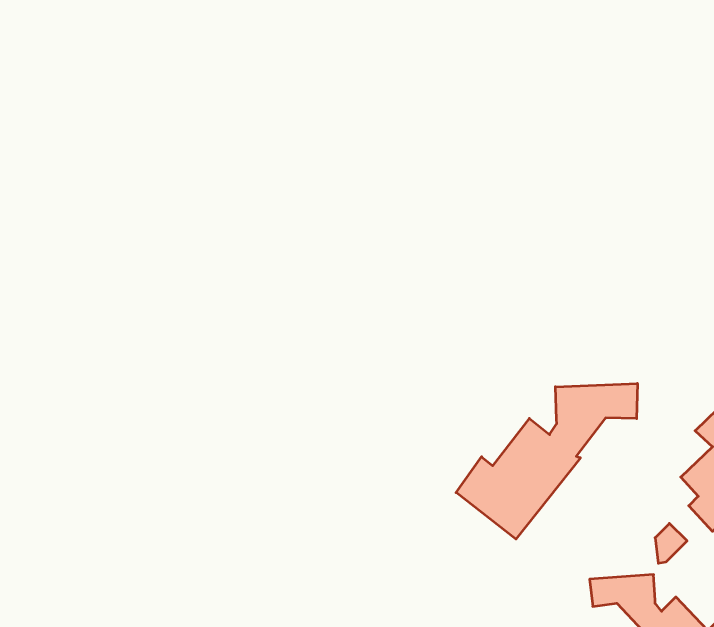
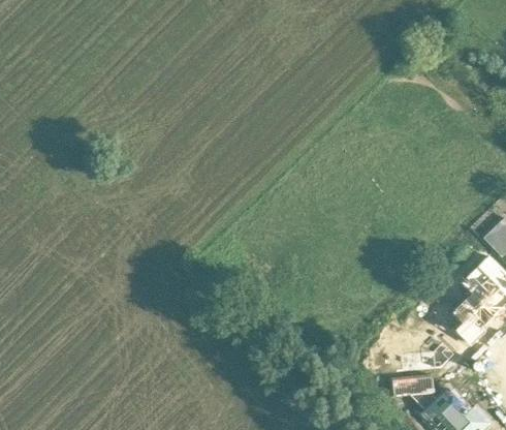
building: [456,383,637,539] -> none

